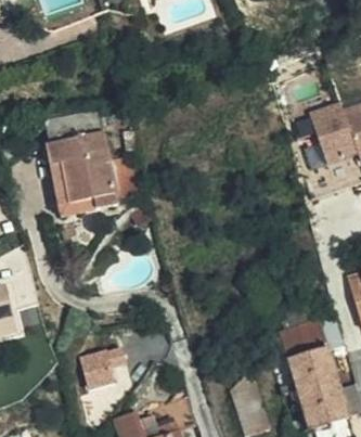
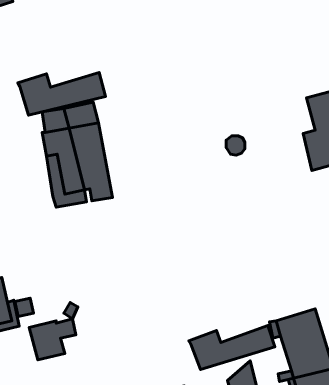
building: none -> [18,72,105,115]
building: none -> [189,325,275,370]
building: [80,347,127,388] -> [29,319,76,360]

